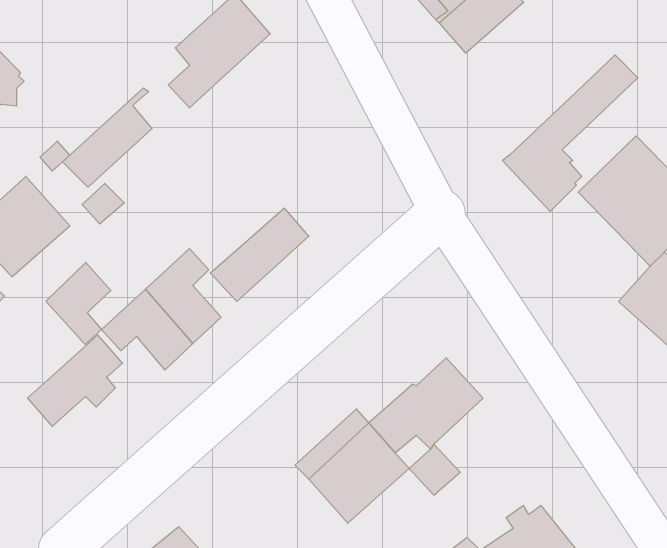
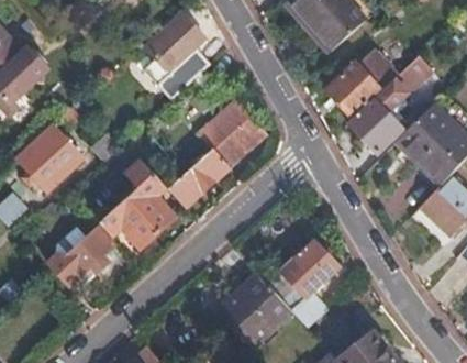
building: none -> [327,61,396,114]
building: [62,88,152,187] -> [154,38,210,100]
building: none -> [199,98,267,165]
building: [46,262,111,344] -> none

